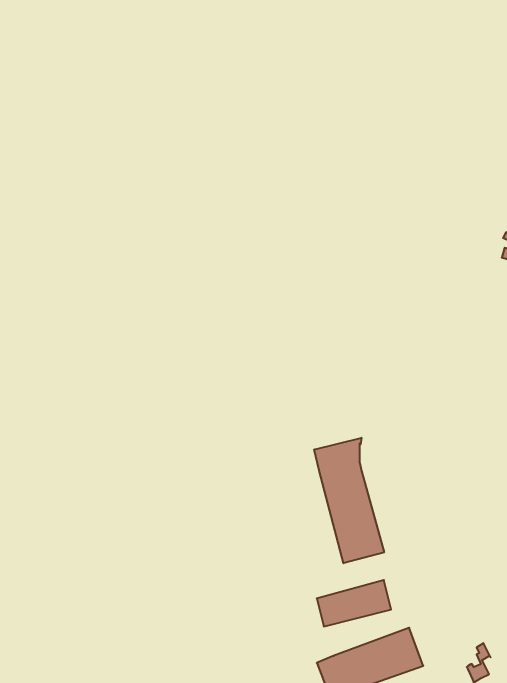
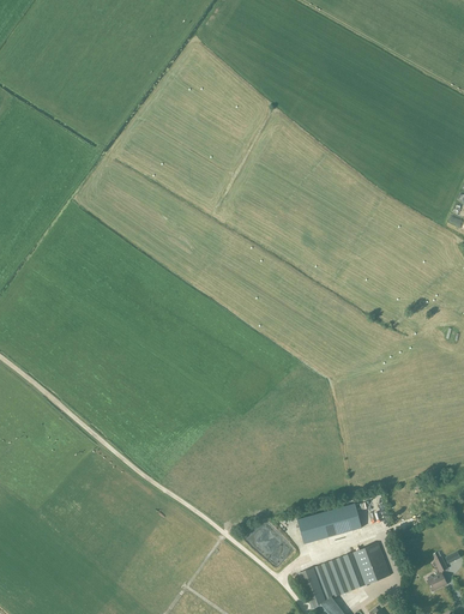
building: [314,438,384,563] -> none

